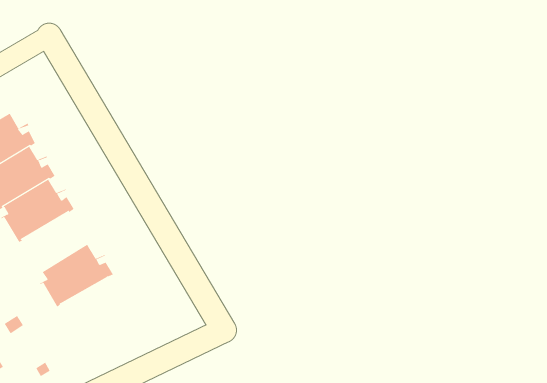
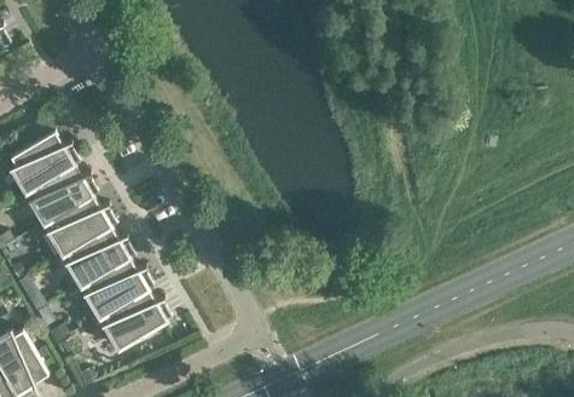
building: none -> [62,226,133,287]
building: none -> [99,289,170,350]

